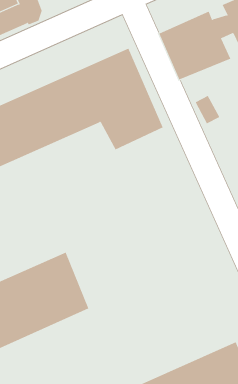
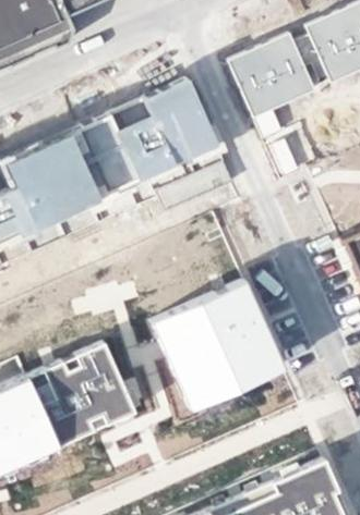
building: none -> [154,281,283,405]

